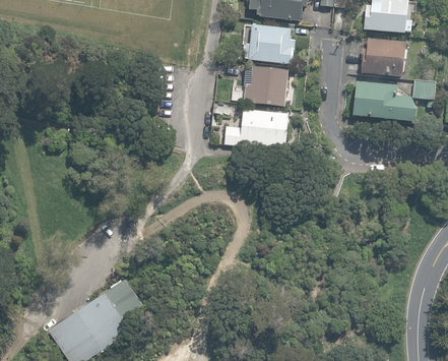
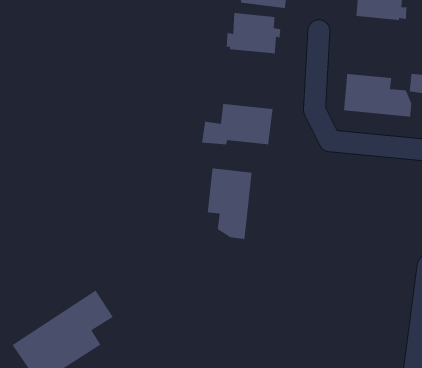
building: [361,37,406,76] -> none
building: [244,65,291,105] -> none
building: none -> [207,167,253,240]

